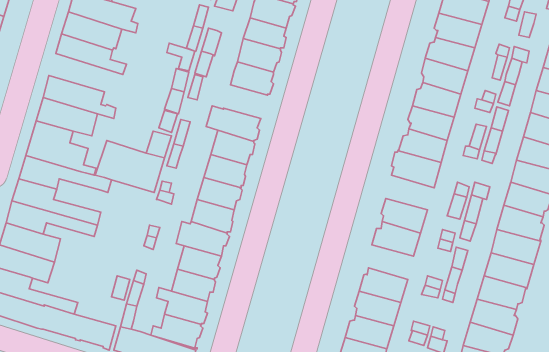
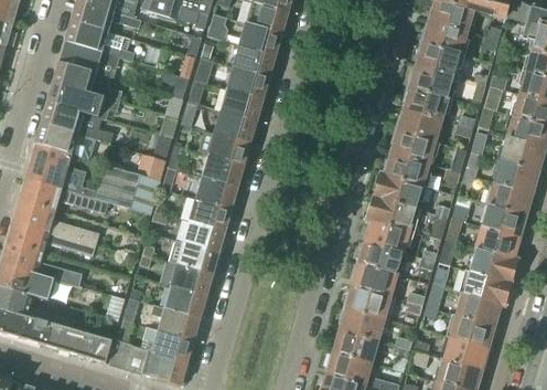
building: none -> [49,81,119,118]
building: none -> [215,110,258,143]
building: none -> [366,197,416,230]
building: none -> [352,263,396,296]

